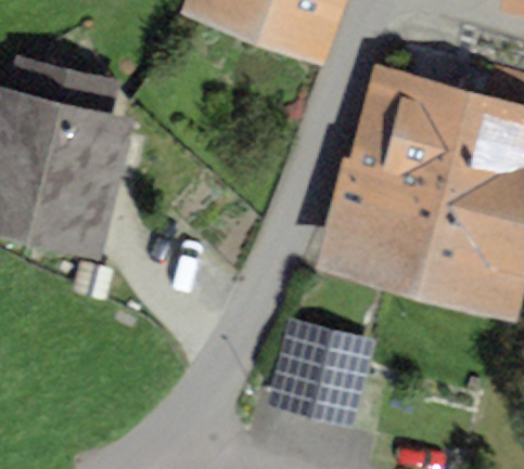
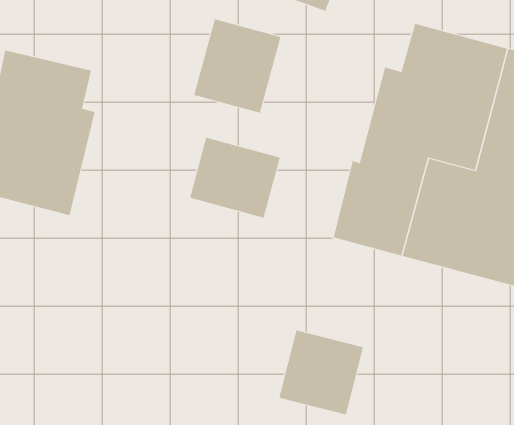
building: none -> [193,19,281,114]
building: none -> [189,137,280,218]

